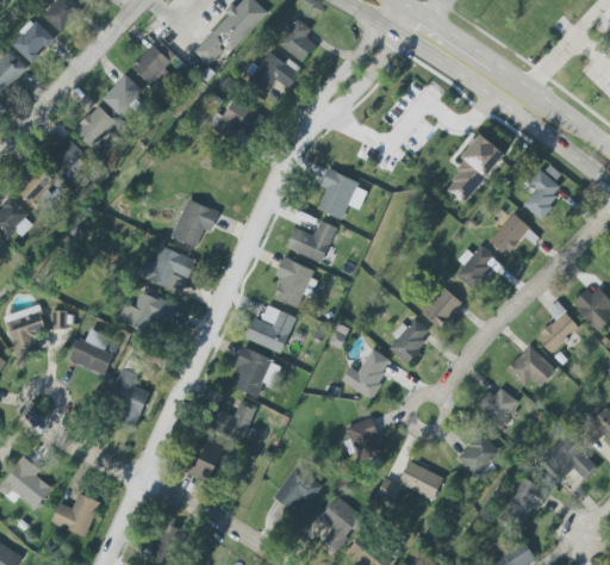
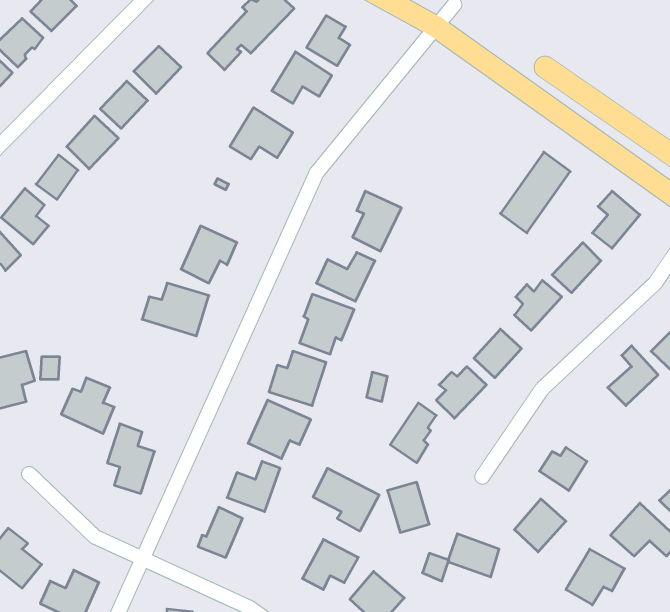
building: [118,291,176,334] -> none
building: [506,344,556,387] -> none
building: none -> [313,468,379,531]

